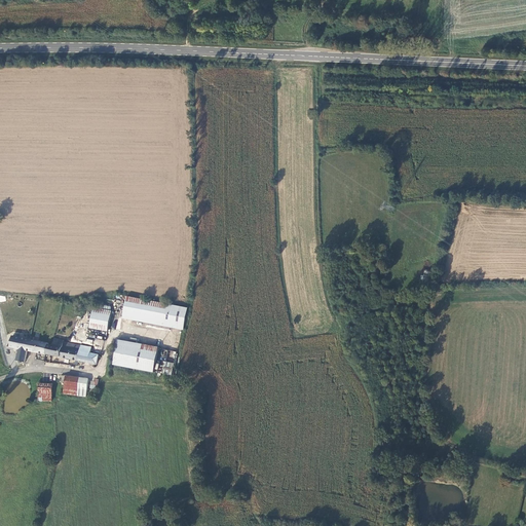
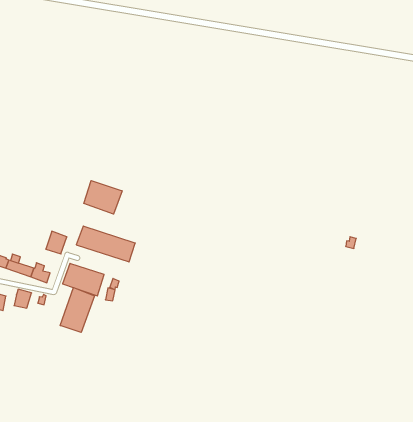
building: none -> [84,181,122,214]
building: none -> [60,288,95,332]

